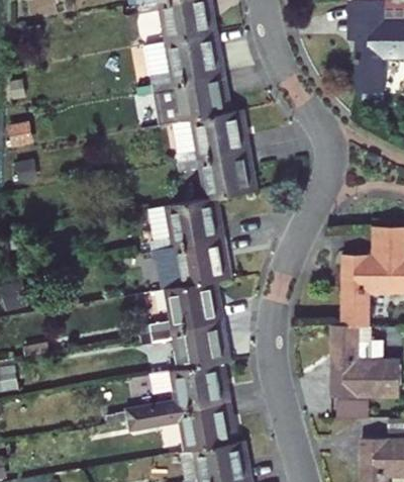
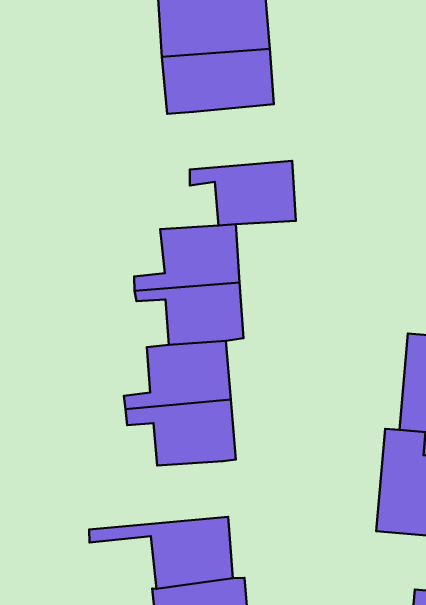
building: [176,108,249,161] -> none
building: [127,362,226,417] -> none

